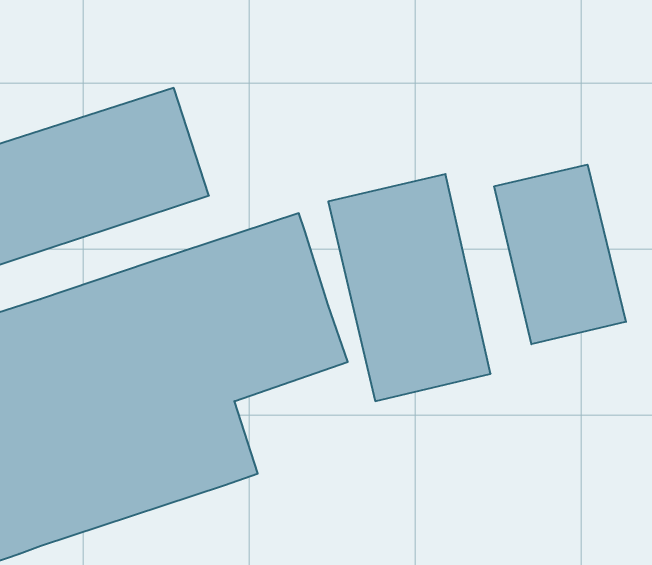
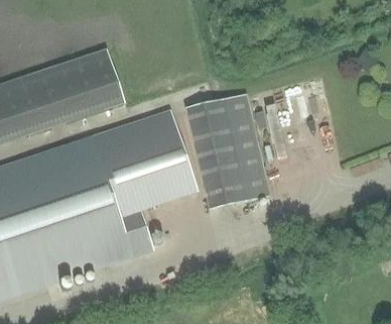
building: [494,165,626,344] -> none

